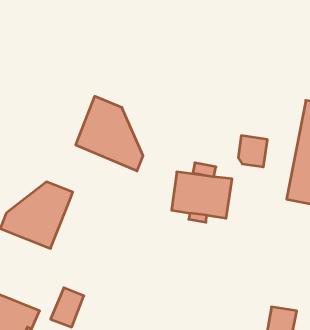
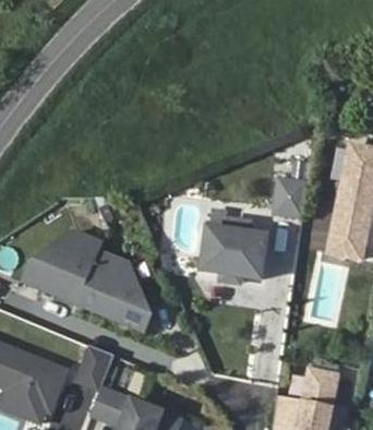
building: [76,96,143,171] -> [75,249,148,330]

